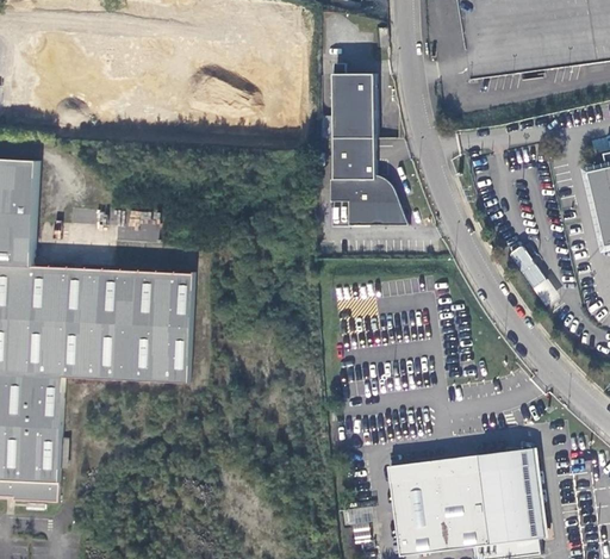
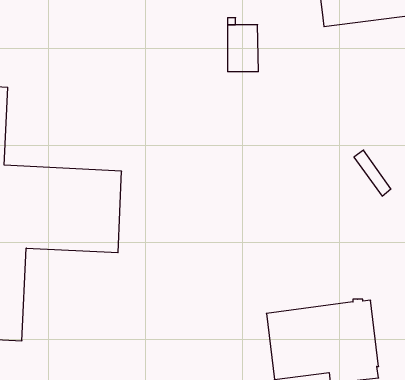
building: [332,138,409,226] -> none

